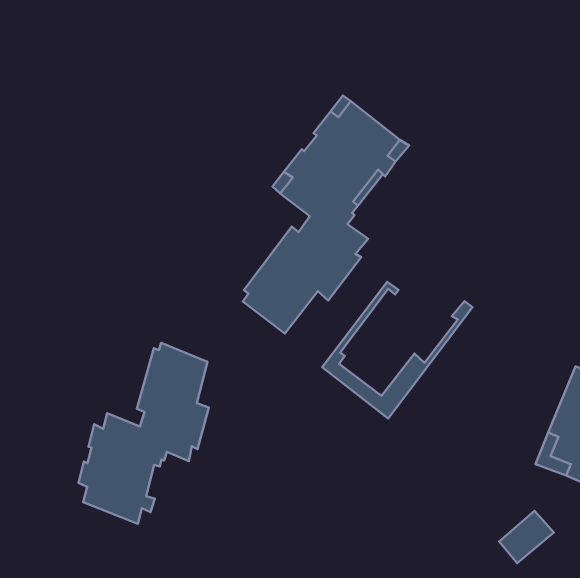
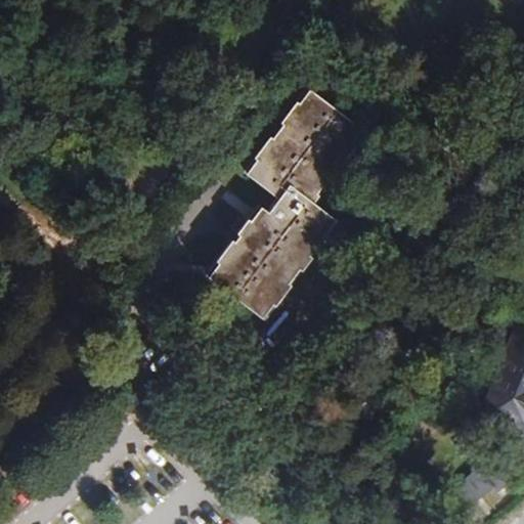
building: [322,282,473,419] -> [205,201,340,323]
building: [79,343,209,524] -> none

